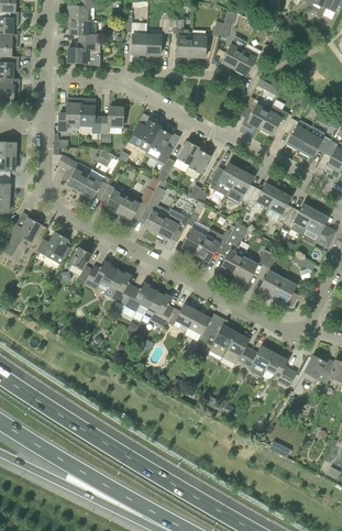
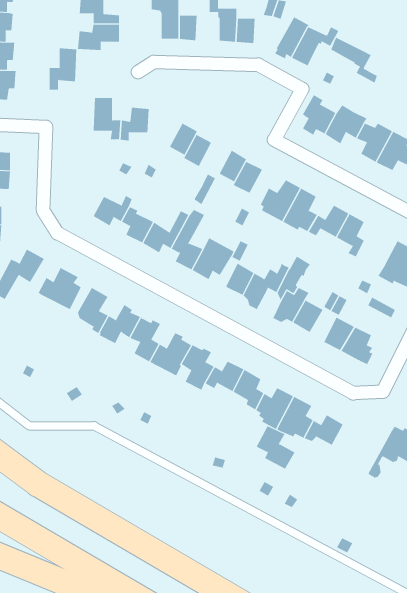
building: none -> [331,37,377,83]
building: [58,98,80,131] -> [49,48,77,90]
building: [57,155,88,191] -> none
building: [284,202,316,229] -> none
building: [265,353,296,387] -> [256,426,295,469]

